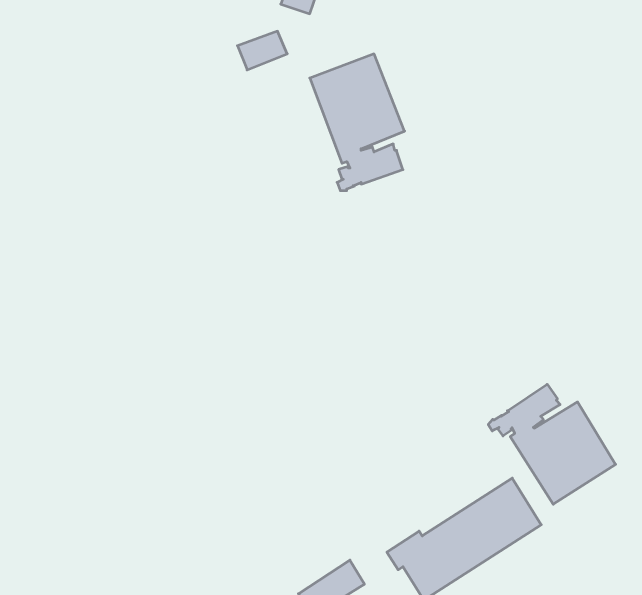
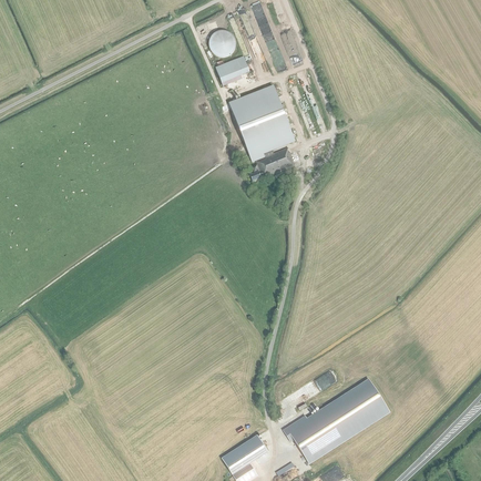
building: [237,31,287,70] -> [215,55,249,82]
building: [488,384,616,504] -> none

